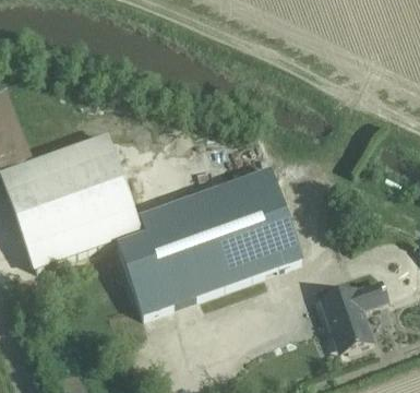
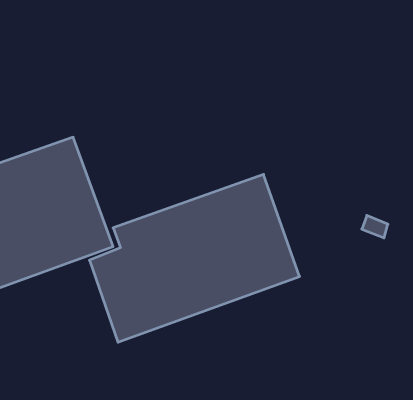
building: [324,279,388,350] -> none

